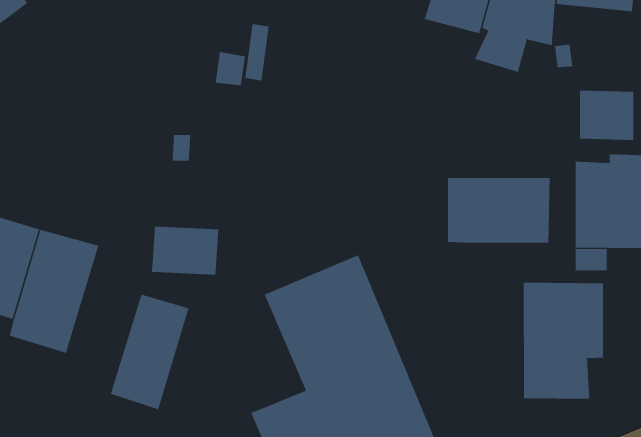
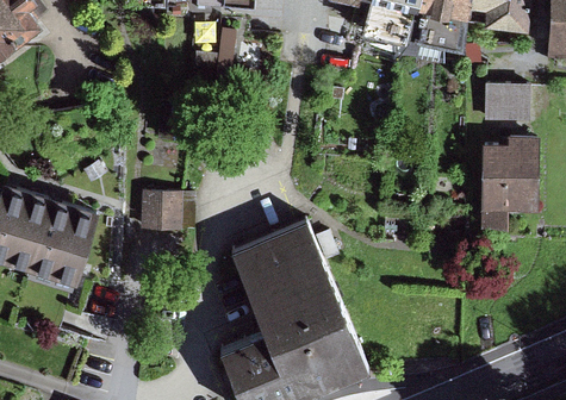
building: [447,177,550,244] -> none
building: [523,282,603,399] -> none
building: [110,294,189,410] -> none

